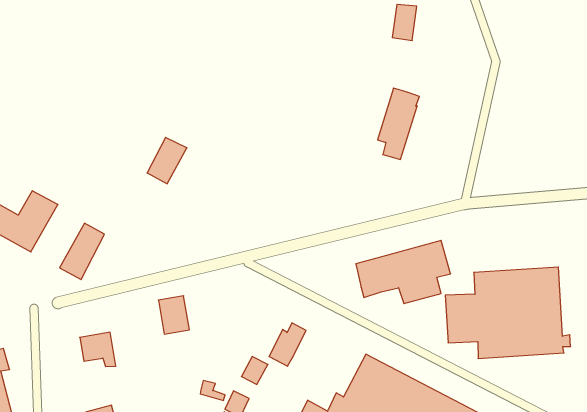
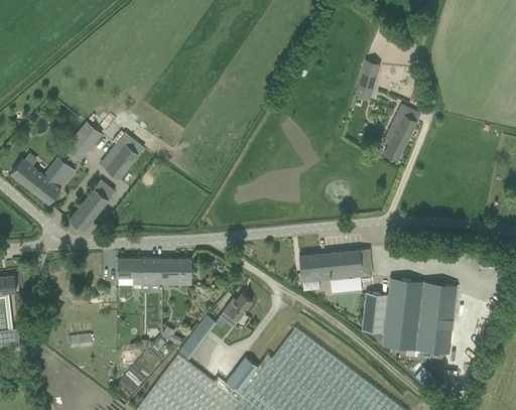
building: [378,88,419,159] -> [382,105,420,161]
building: [147,137,187,184] -> [105,144,139,180]
building: none -> [63,122,103,163]
building: none -> [161,259,191,286]
building: [80,332,116,367] -> [117,259,141,286]

